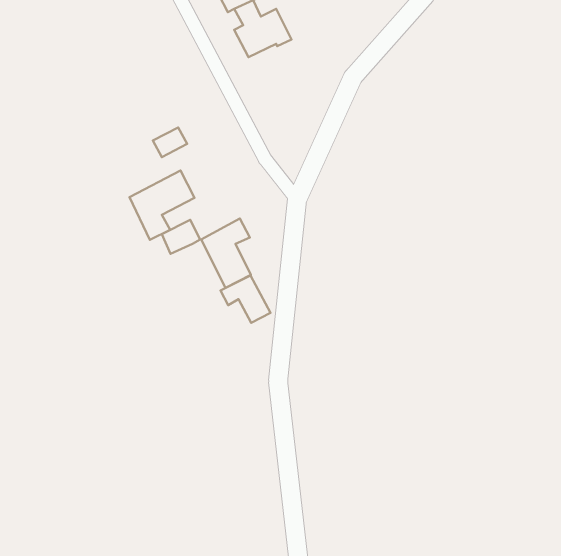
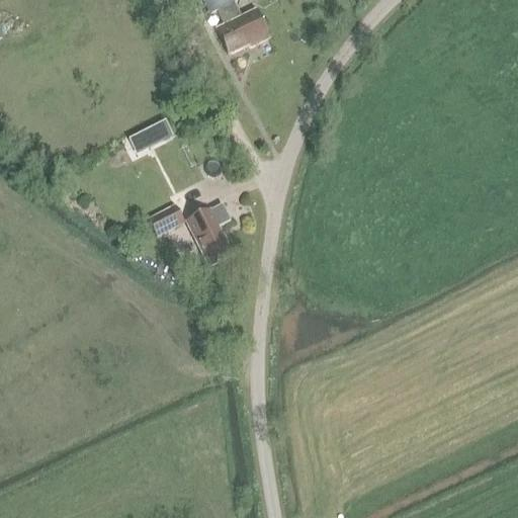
building: [129,170,194,240] -> none
building: [221,275,271,323] -> none

